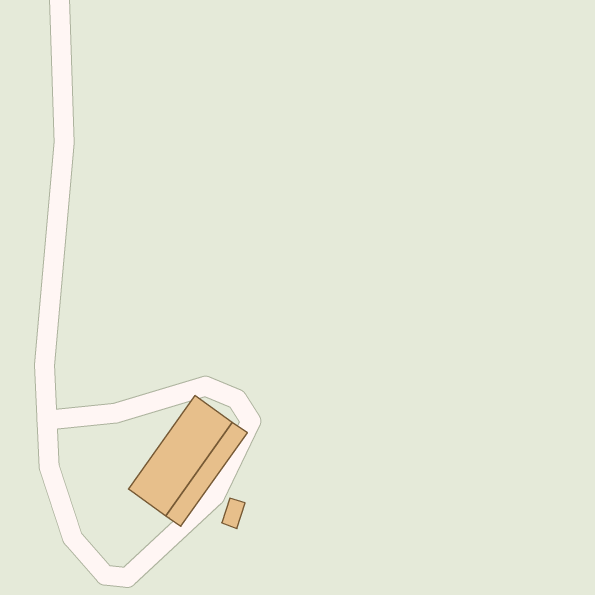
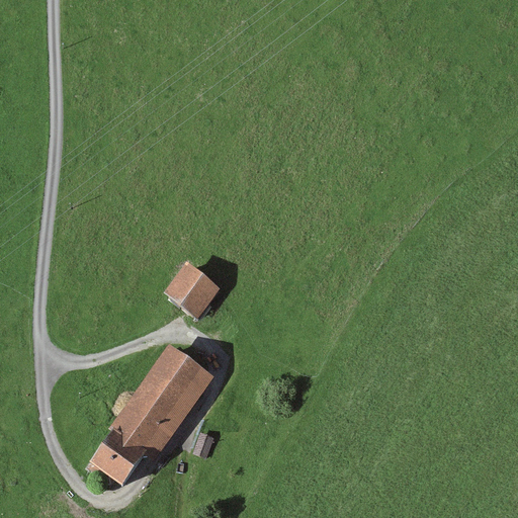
building: none -> [163,261,221,318]
building: none -> [86,426,147,485]

